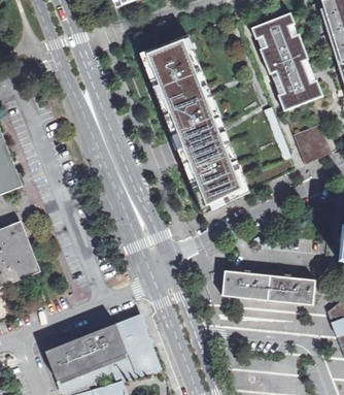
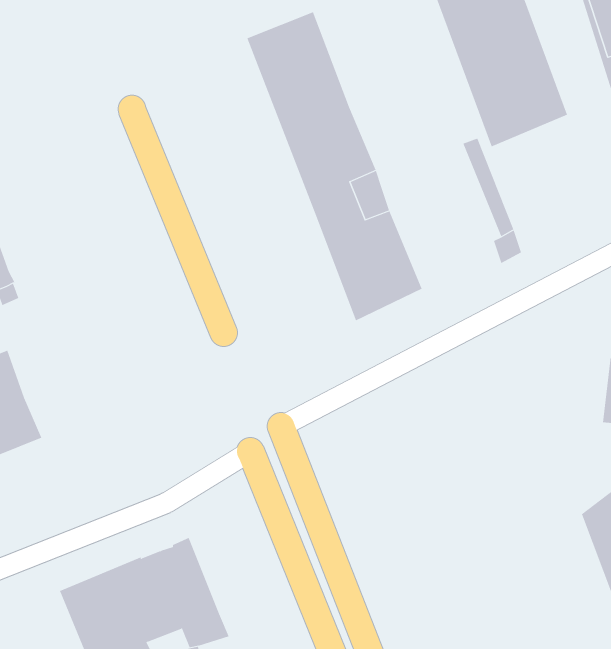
building: [294,125,328,163] -> none
building: [221,266,316,304] -> none
building: [115,314,161,376] -> none

